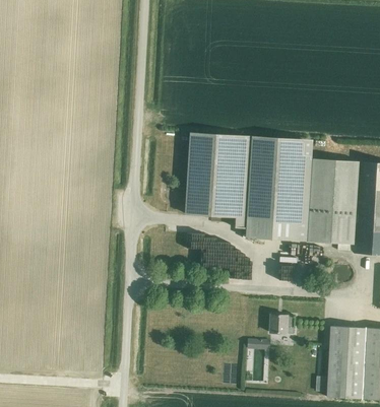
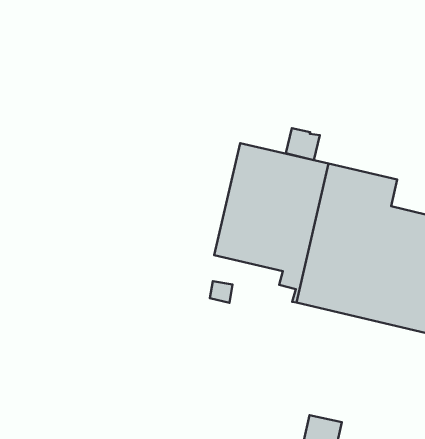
building: none -> [286,128,320,160]

